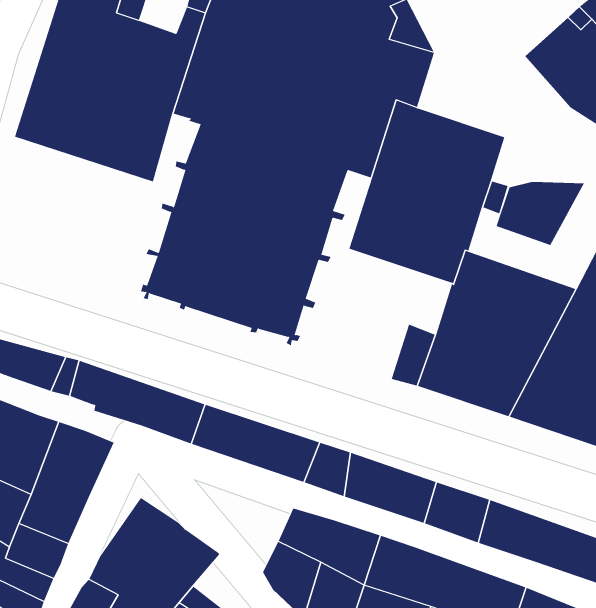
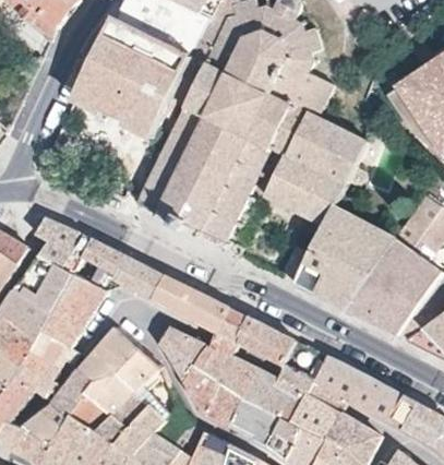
building: [496,181,585,246] -> none
building: none -> [159,327,207,382]

